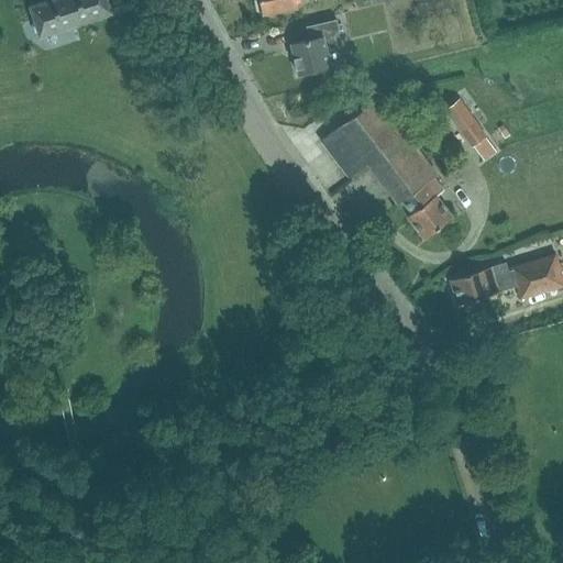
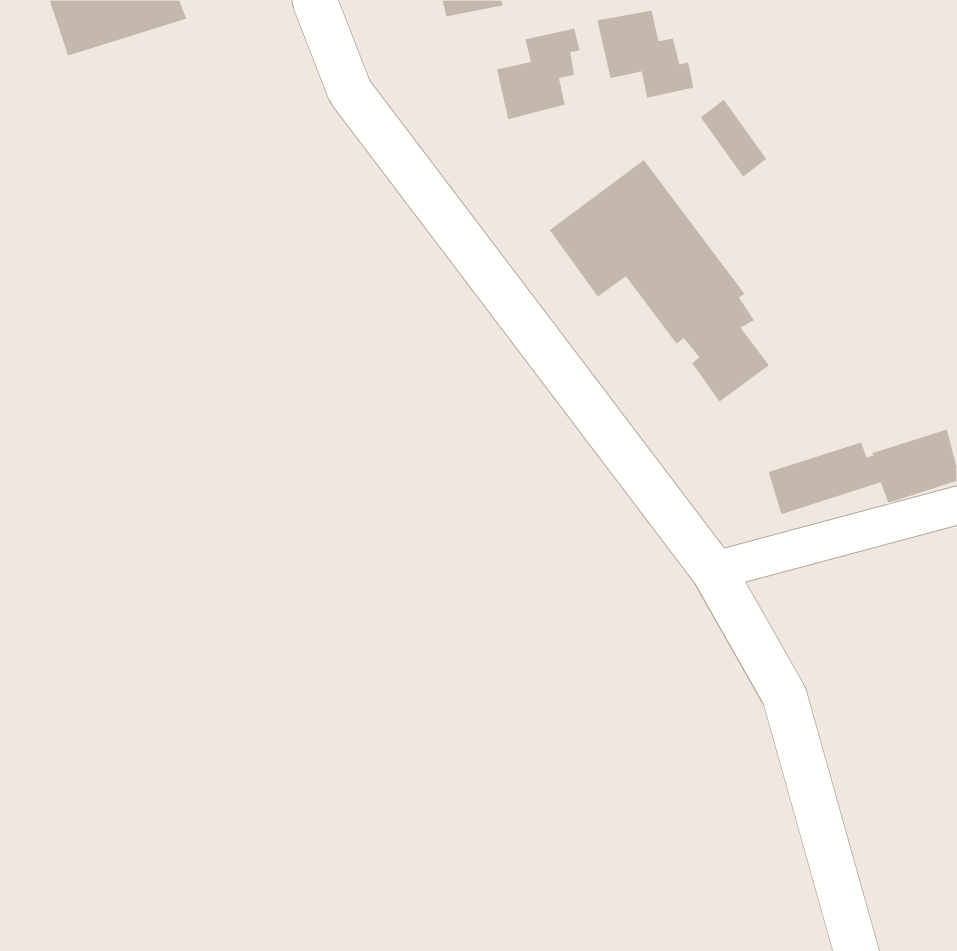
building: none -> [597,10,694,99]
building: [446,103,486,150] -> [700,99,767,178]

